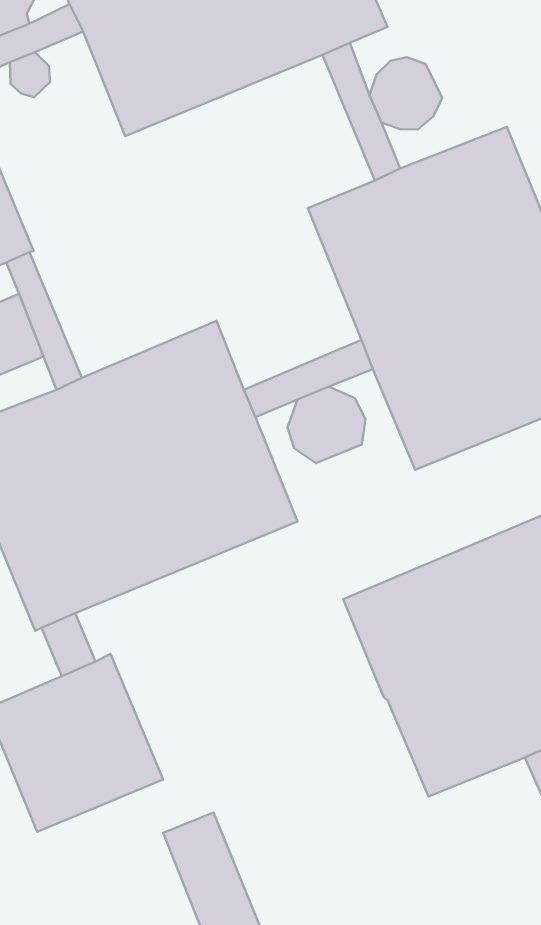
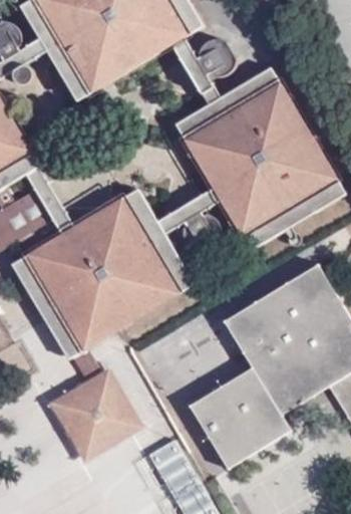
building: none -> [189,367,291,470]

